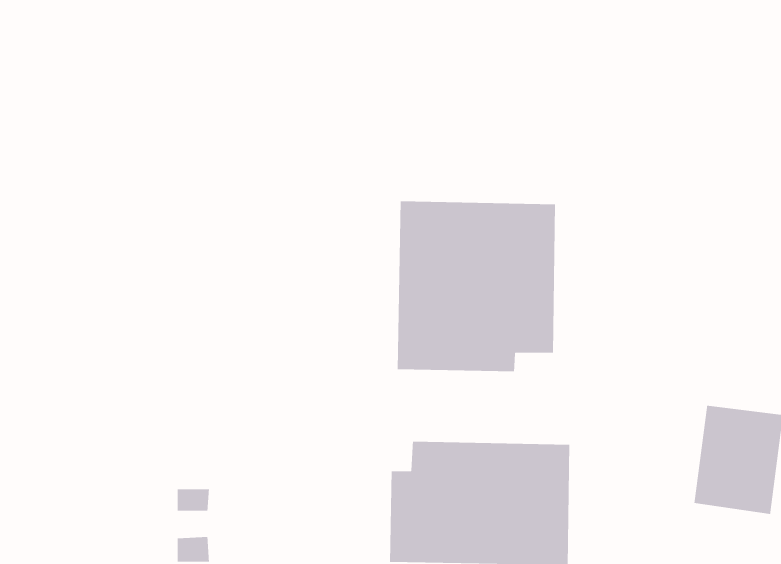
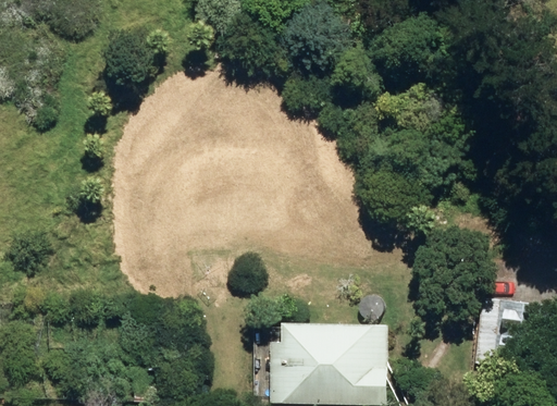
building: [397,200,556,372] -> none

